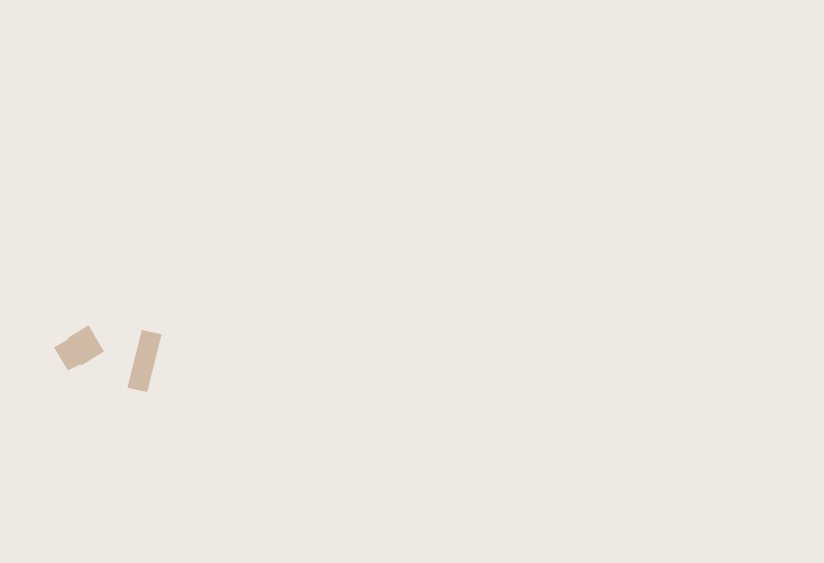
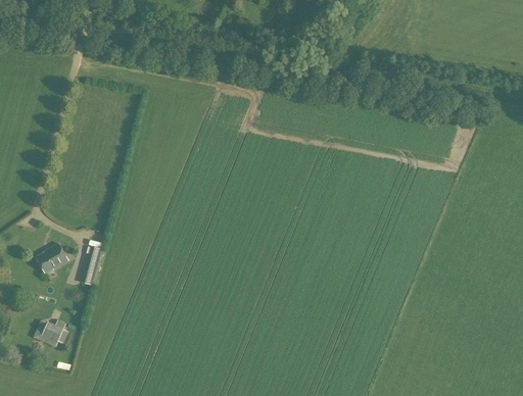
building: none -> [39,318,65,346]

